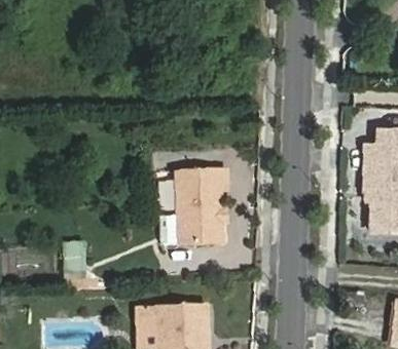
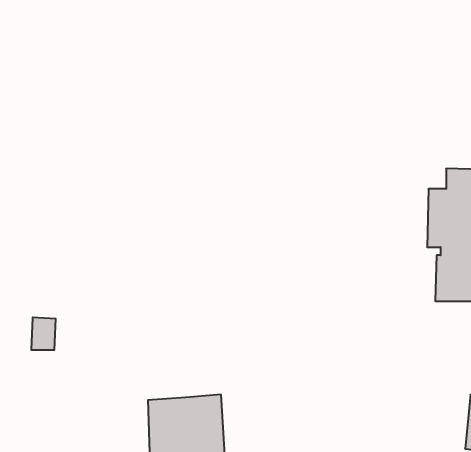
building: [175,169,226,242] -> none

